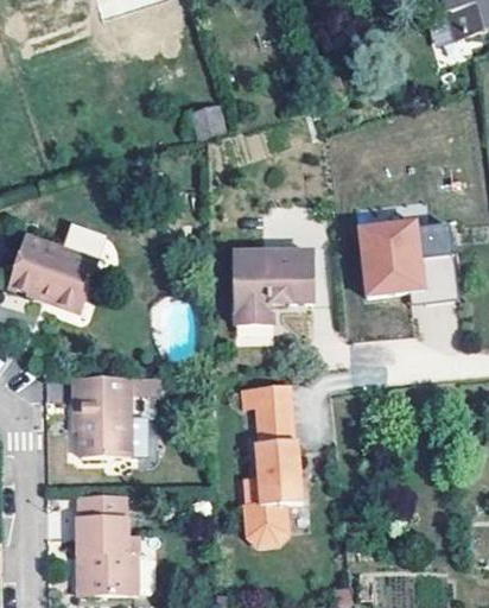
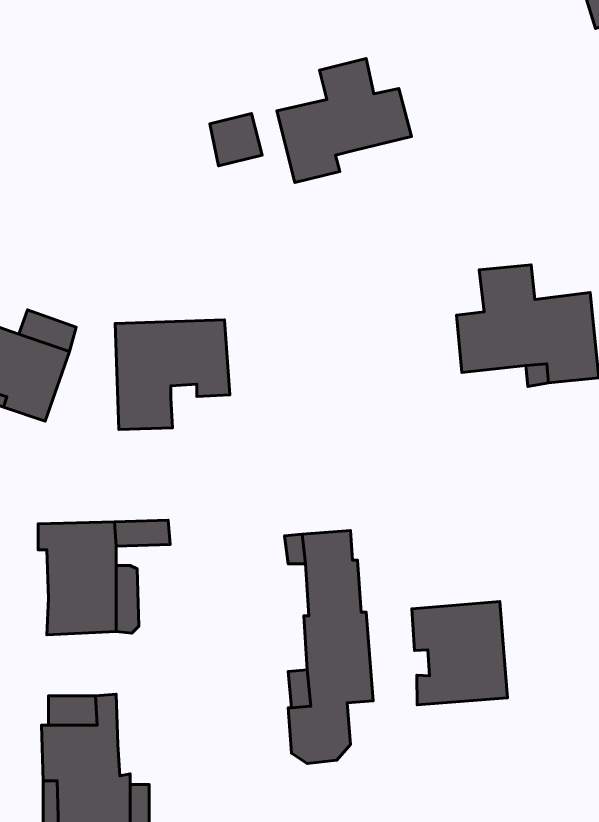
building: none -> [277,59,411,182]
building: [231,251,310,325] -> [115,320,230,429]
building: none -> [412,602,507,705]

